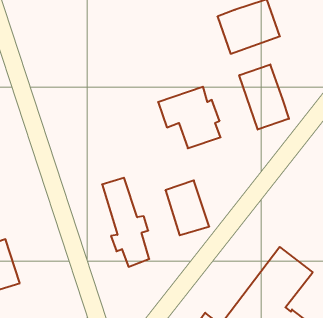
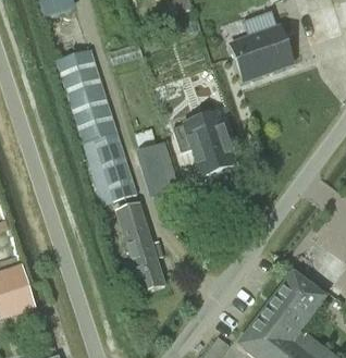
building: none -> [55,48,137,200]
building: [239,64,289,130] -> none
building: [165,180,209,235] -> [135,141,178,196]

